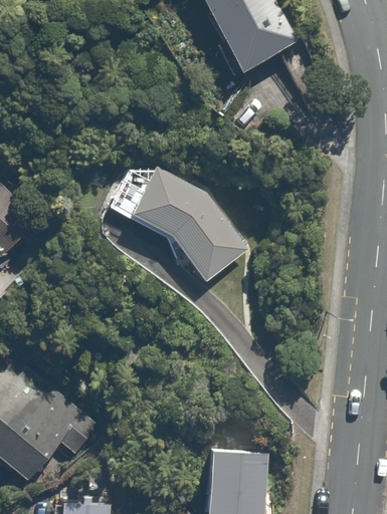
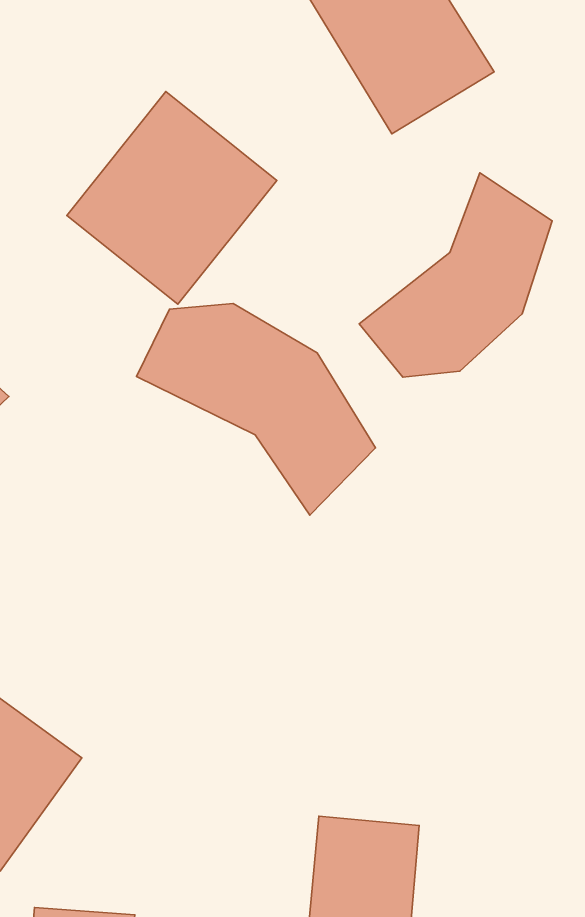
building: none -> [67,92,277,304]
building: none -> [359,173,552,377]

